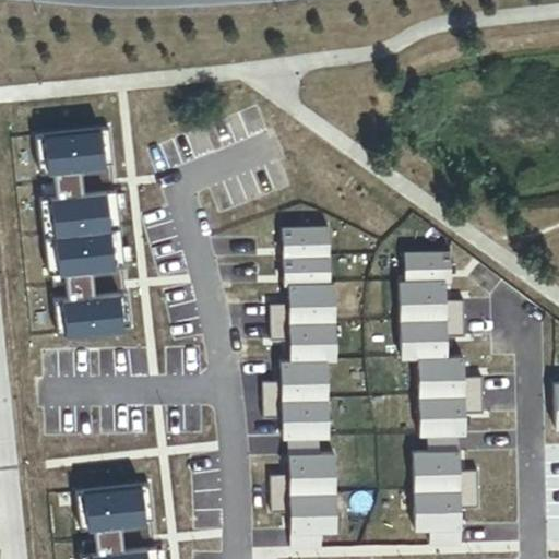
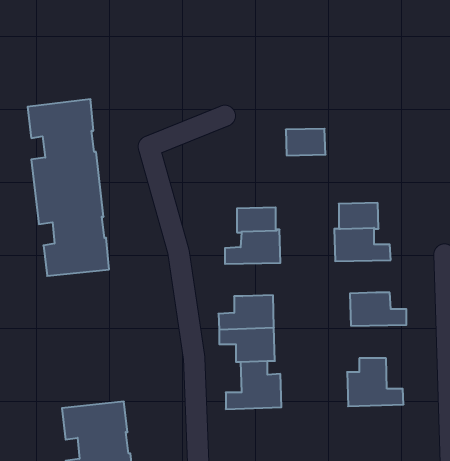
building: [283,226,330,258] -> [286,129,326,155]
building: [400,319,466,358] -> none
building: [270,322,336,361] -> none
building: [418,395,485,436] -> none
building: [415,489,480,546] -> none
building: [271,492,337,549] -> none

